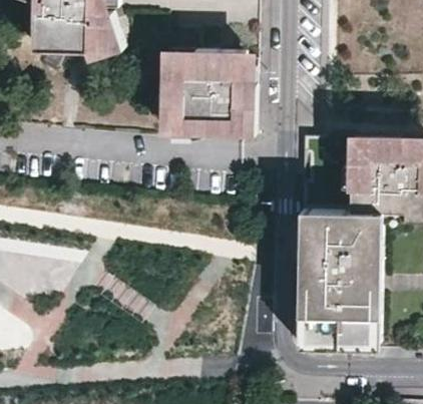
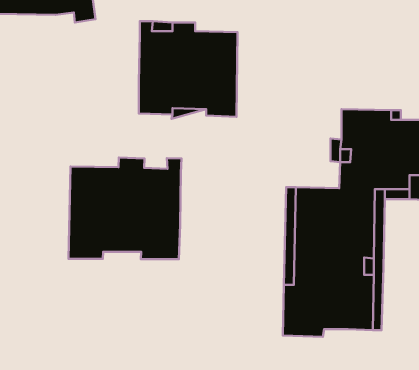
building: none -> [68,158,181,259]

